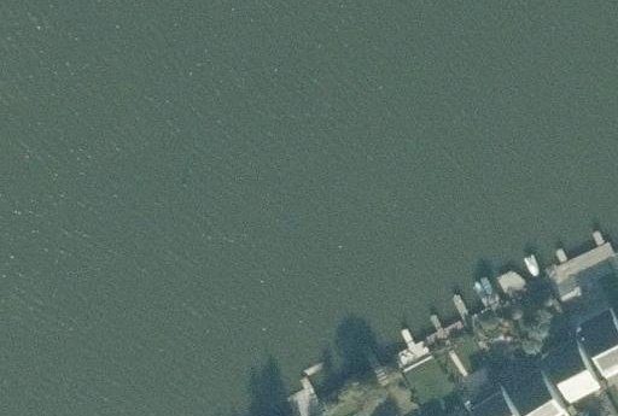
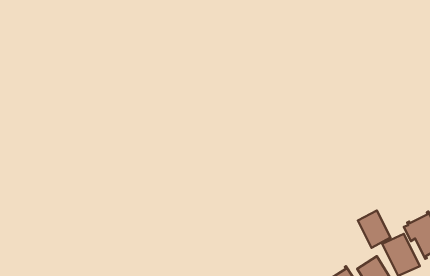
building: none -> [358,210,390,248]

